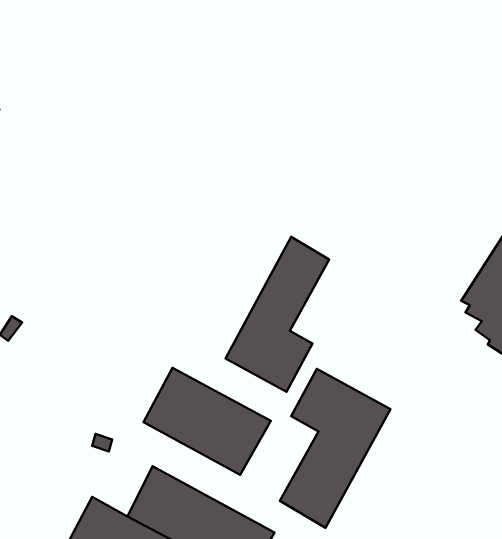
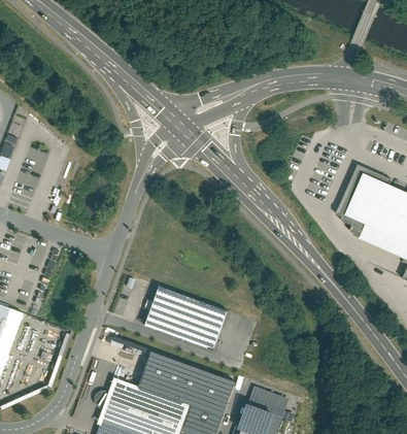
building: [225,237,329,392] -> none
building: [280,369,390,528] -> none

